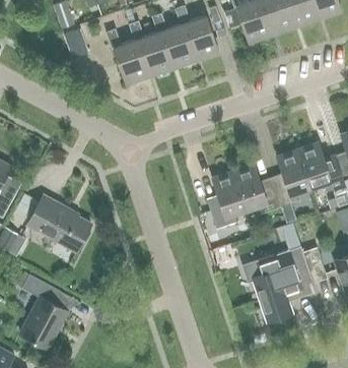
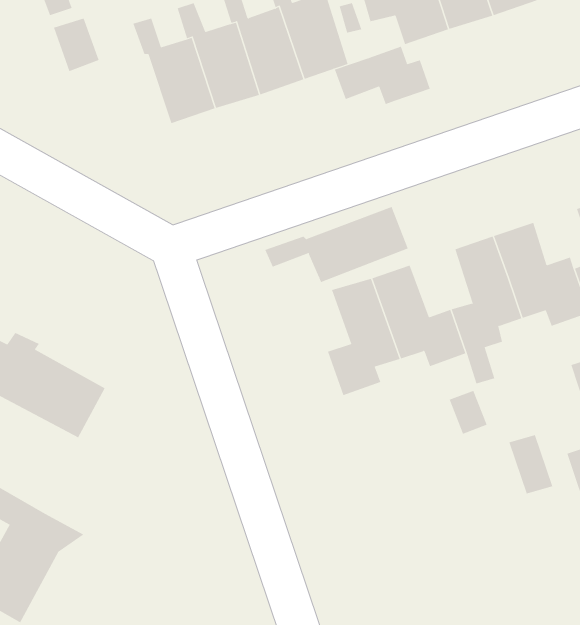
building: none -> [334,46,430,105]
building: none -> [264,206,408,283]
building: [242,250,300,322] -> none

